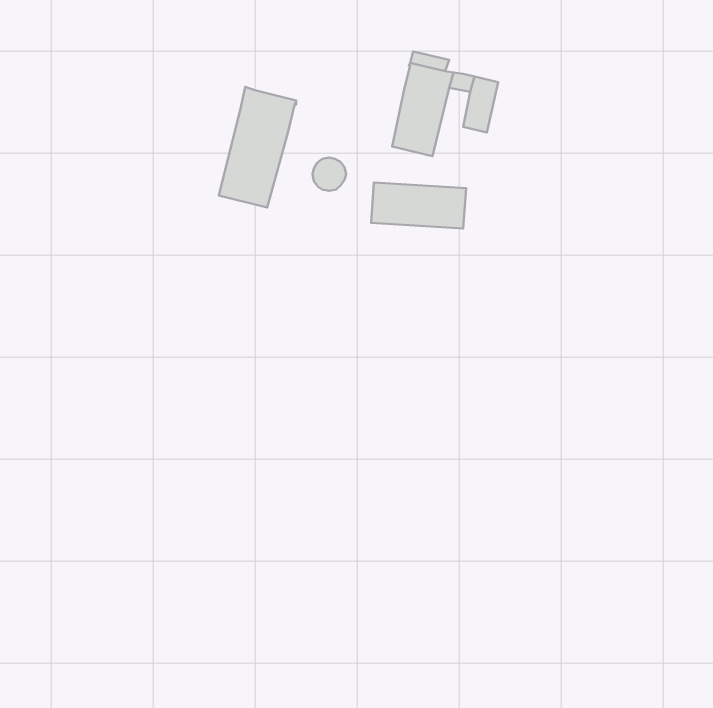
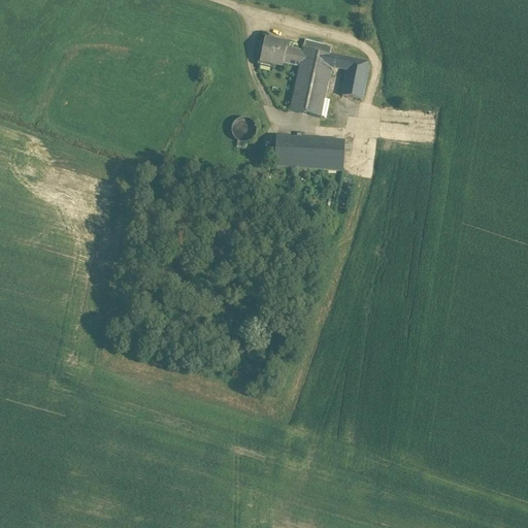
building: none -> [260,38,303,65]
building: [219,87,296,208] -> none

